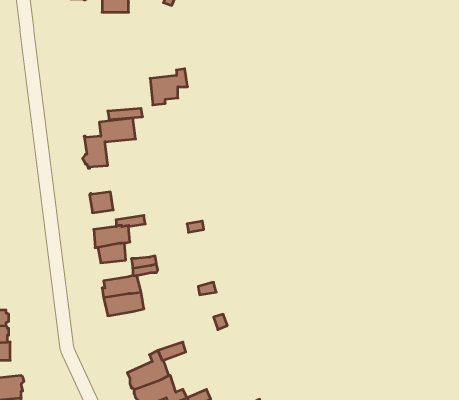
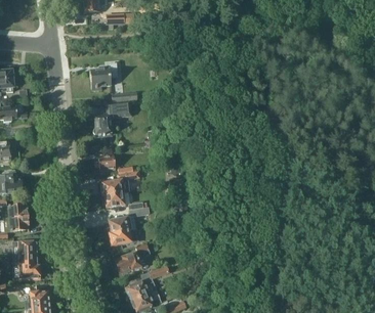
building: [150,69,188,105] -> [89,63,117,90]
building: none -> [114,242,150,272]

